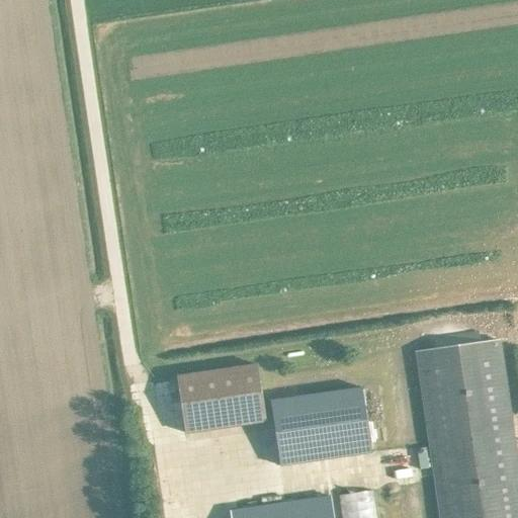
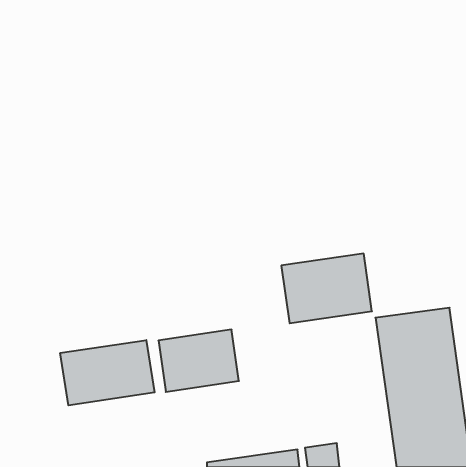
building: none -> [60,340,155,405]
building: [271,387,371,464] -> [281,254,372,323]

